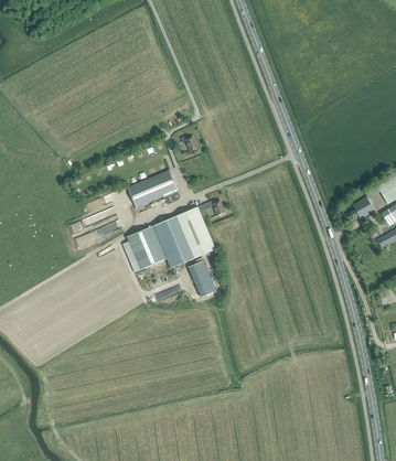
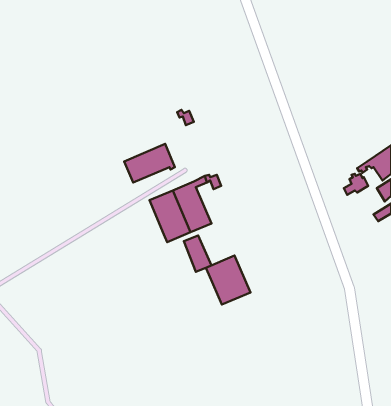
building: [127,225,167,270] -> none
building: none -> [206,256,250,305]

